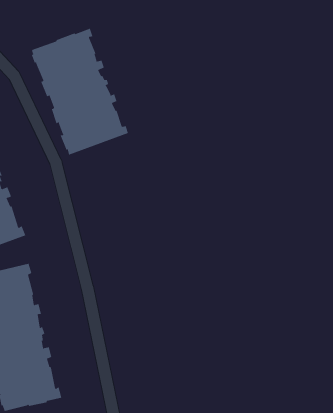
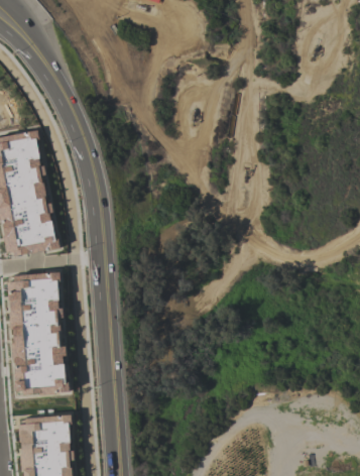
building: [31,28,129,156] -> none

